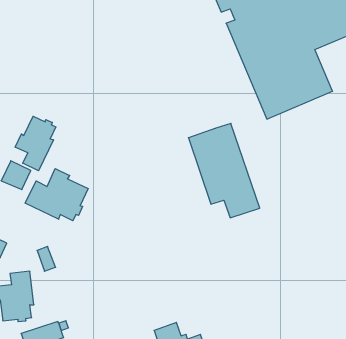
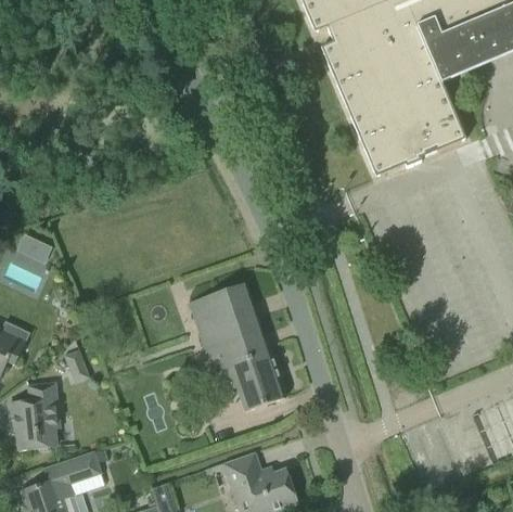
building: [15,116,56,171] -> none
building: [188,123,260,218] -> [188,282,284,410]
building: [25,169,88,221] -> none

